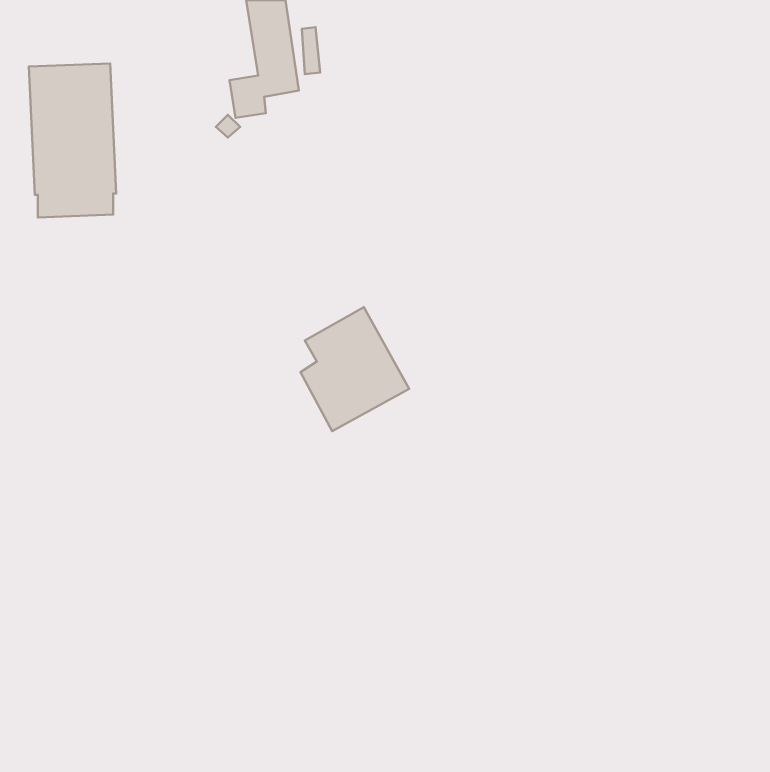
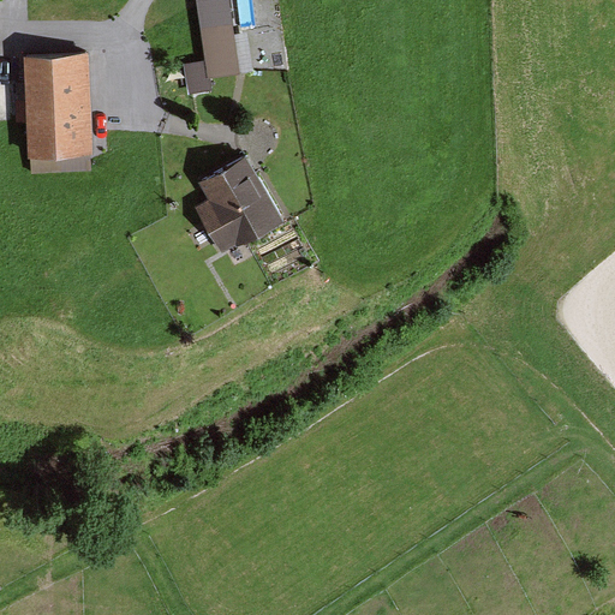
building: [300,307,409,431] -> [195,155,281,253]

